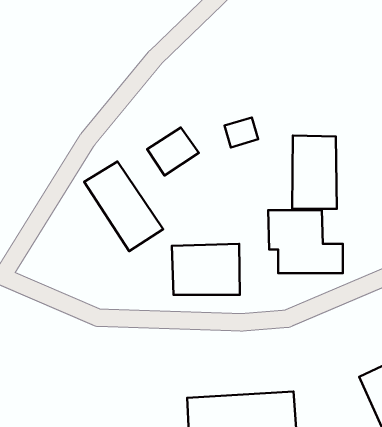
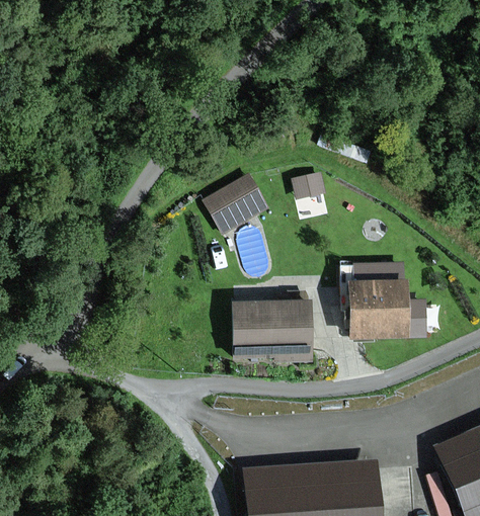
building: [292,136,337,209] -> none
building: [84,161,163,251] -> none

